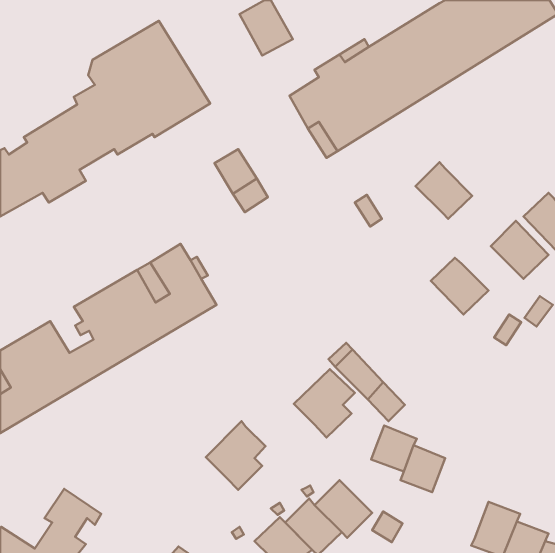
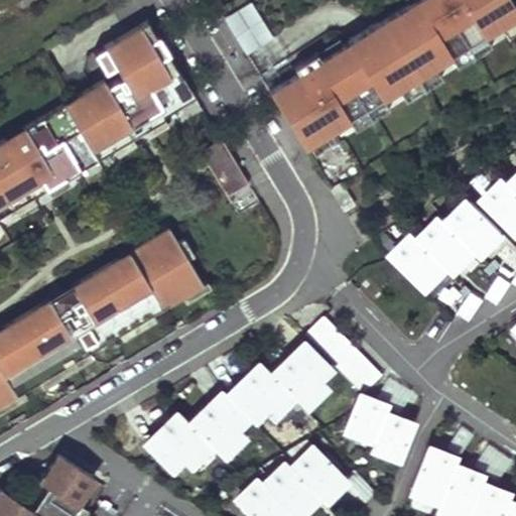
building: [416,162,472,219] -> [428,225,481,277]
building: none -> [229,365,292,421]
building: none -> [146,414,211,471]
building: none -> [411,449,456,502]

